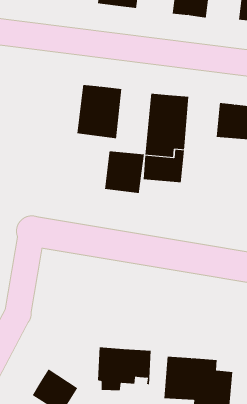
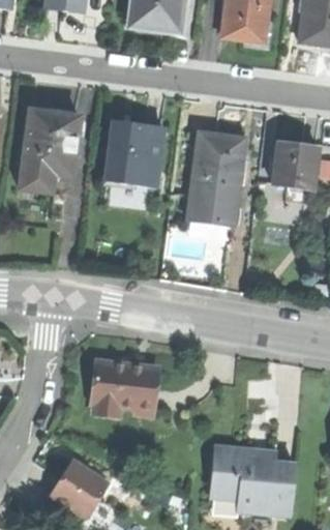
building: none -> [22,110,78,189]
building: [105,151,145,194] -> none
building: [97,347,151,391] -> [91,362,156,415]

